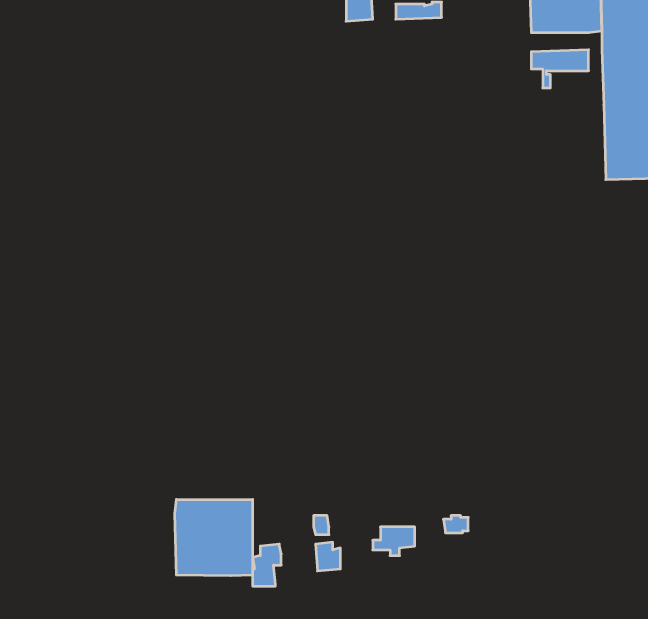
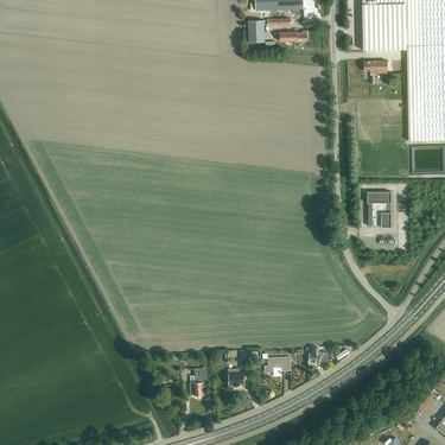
building: none -> [367,191,392,227]
building: [175,499,253,576] -> none

